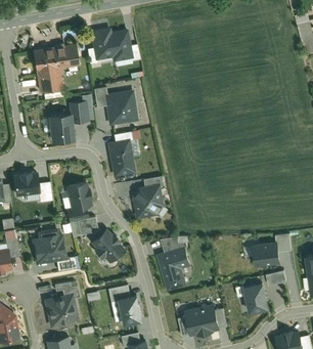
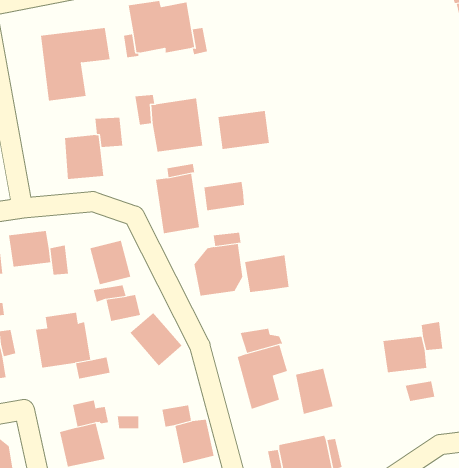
building: none -> [218,110,269,150]
building: none -> [204,181,245,211]
building: none -> [244,254,289,293]
building: [245,282,270,312] -> [295,368,334,414]

